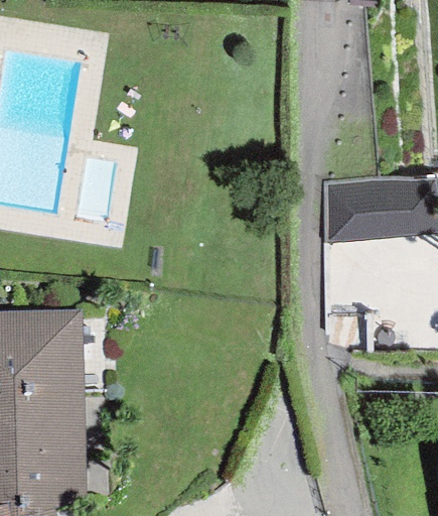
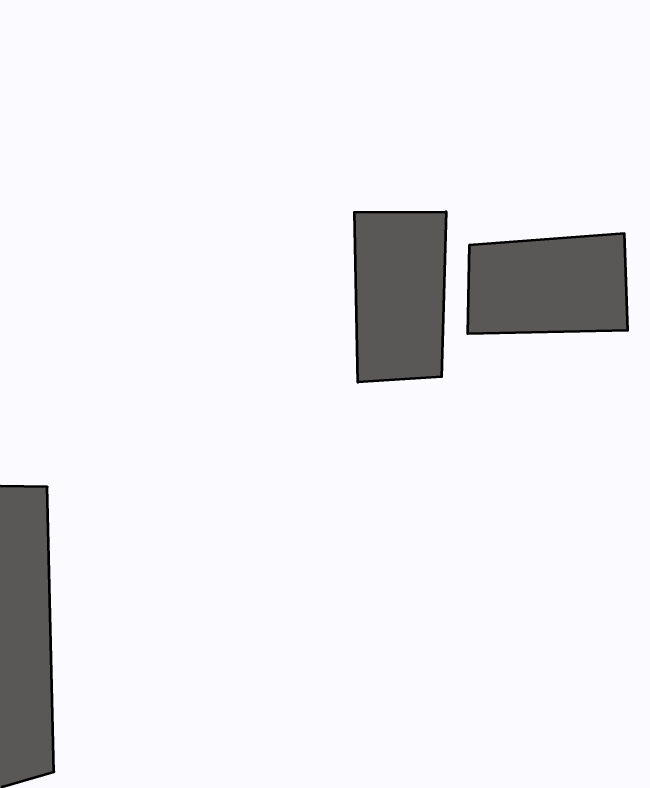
building: none -> [354,212,446,382]

